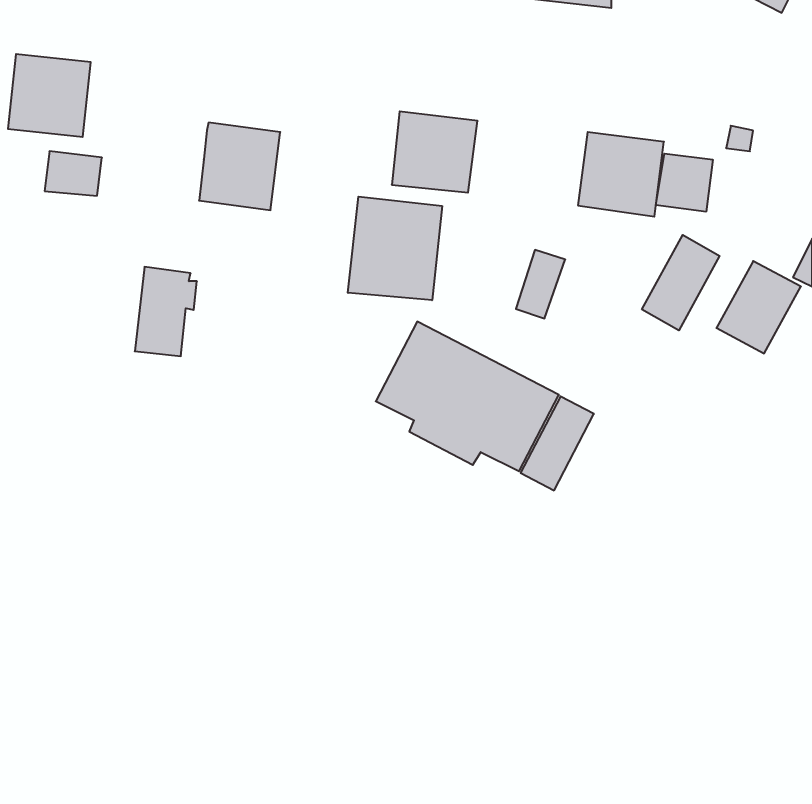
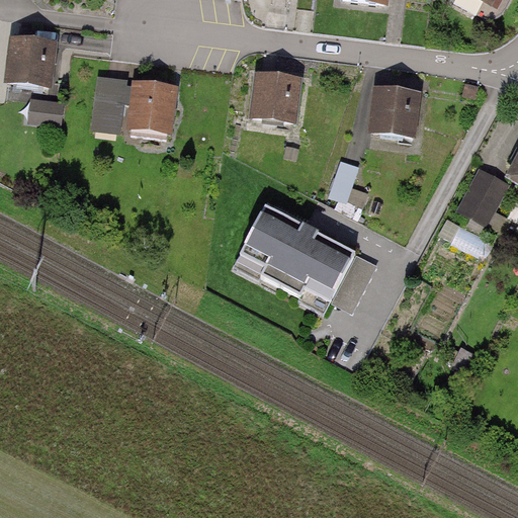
building: [656,154,713,212] -> none
building: [348,197,442,300] -> none
building: [642,235,720,330] -> none
building: [135,267,197,356] -> [92,74,132,131]

